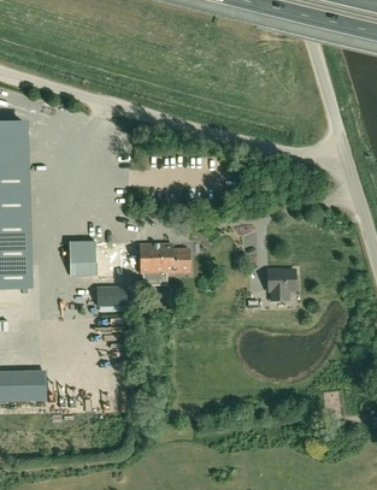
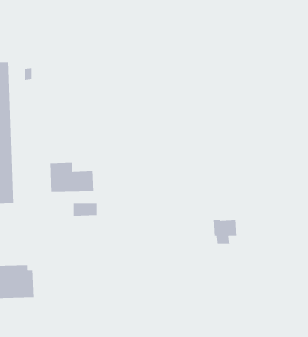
building: [140,243,190,273] -> none
building: [267,270,296,300] -> [213,219,237,245]

